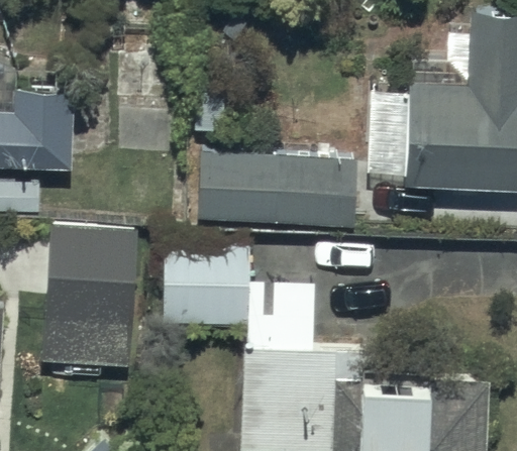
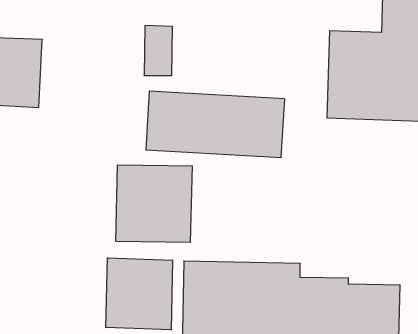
building: [38,225,153,368] -> none
building: none -> [106,258,173,330]

